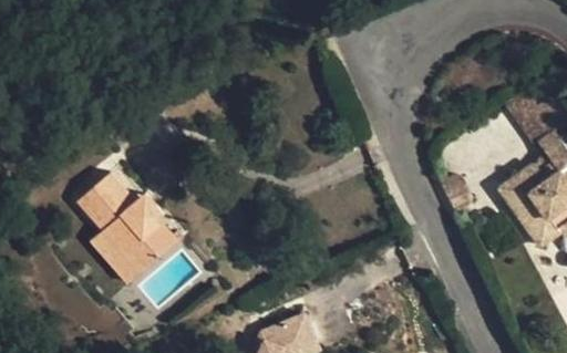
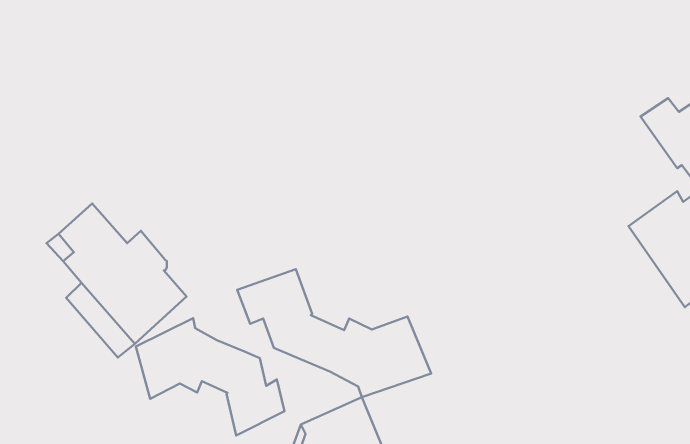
building: none -> [237,269,431,397]
building: none -> [136,318,285,435]

